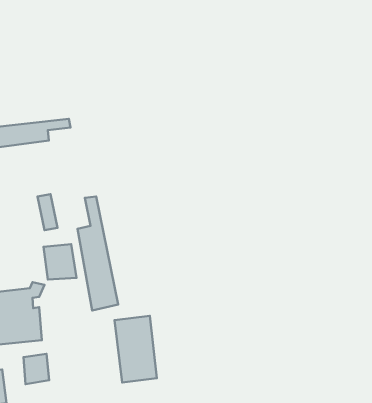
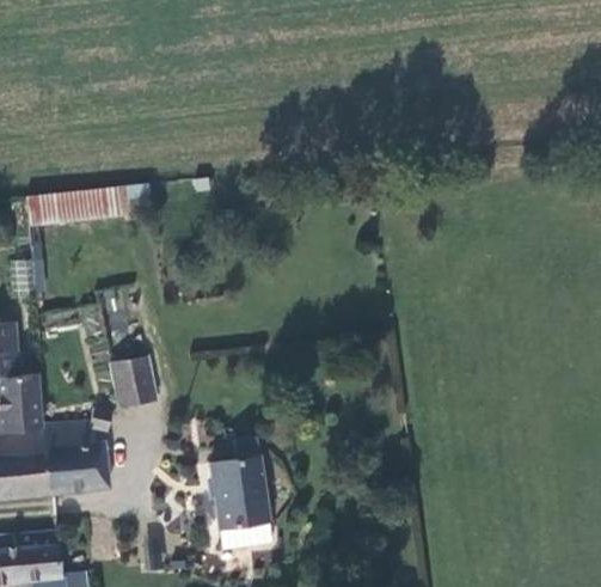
building: [77,196,118,310] -> none
building: [23,354,49,384] -> none

